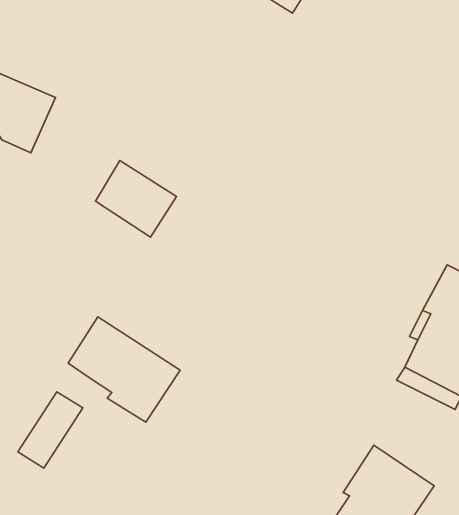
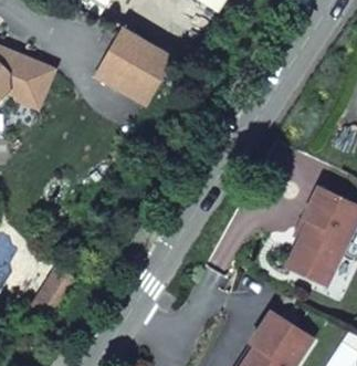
building: [95,161,177,237] -> [105,43,160,95]
building: [68,317,180,422] -> none

